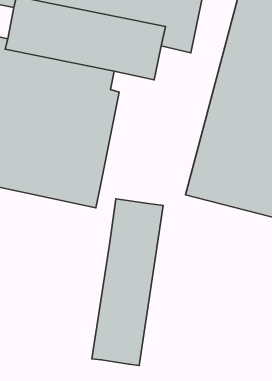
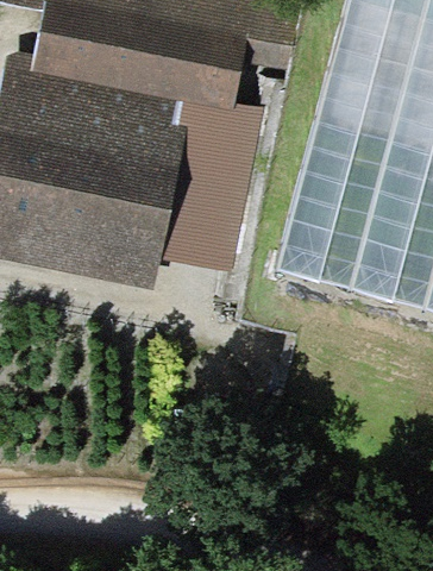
building: none -> [162,102,265,271]
building: [92,199,163,365] -> none

